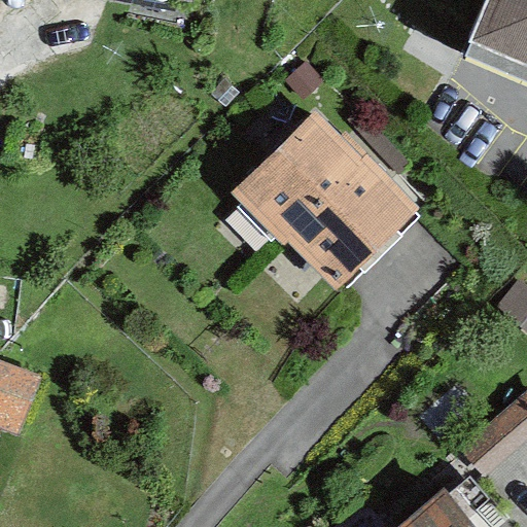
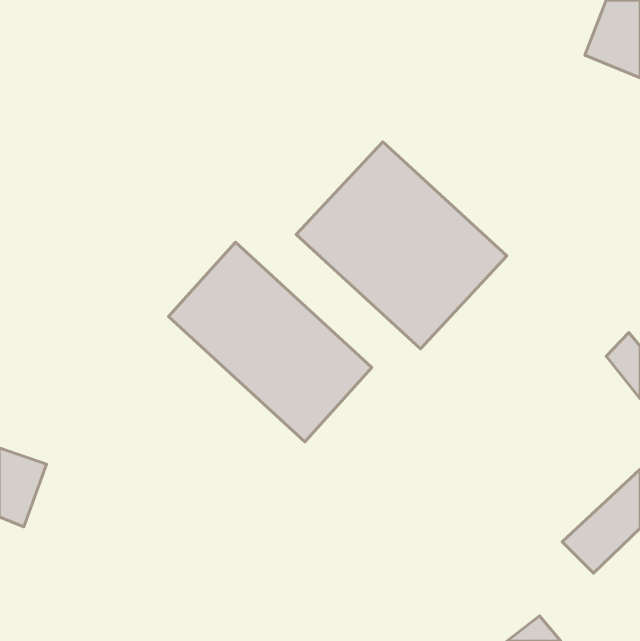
building: none -> [168,242,372,442]

